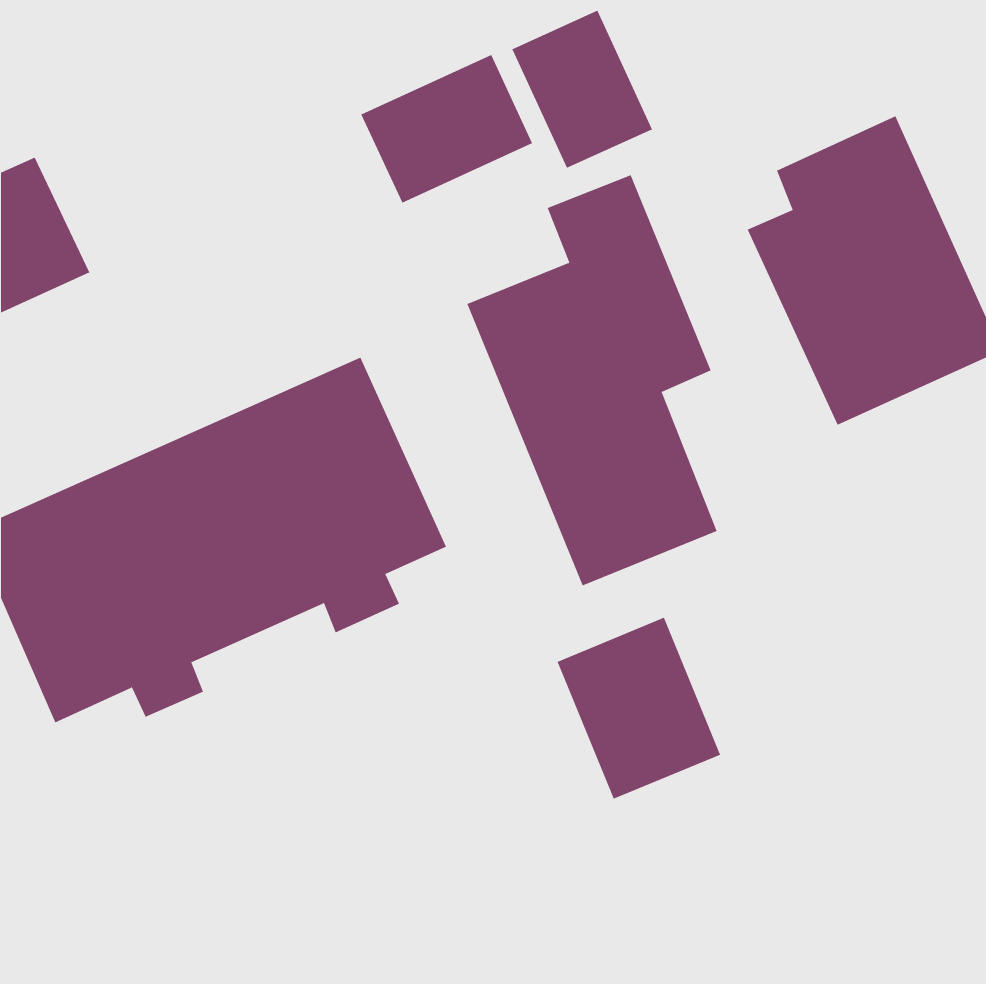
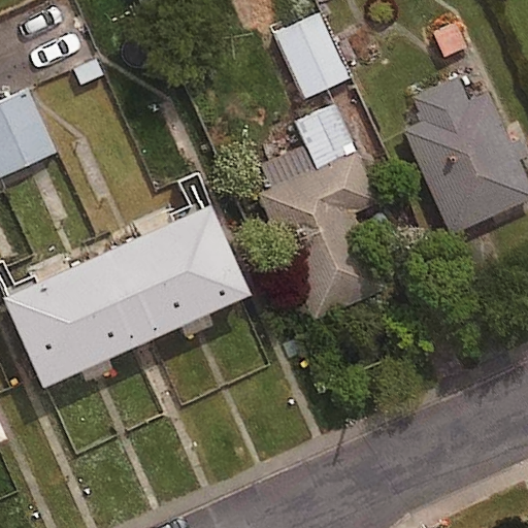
building: [361,54,533,204] -> none
building: [557,617,721,800] -> none

